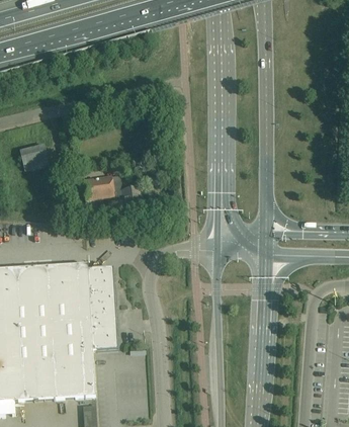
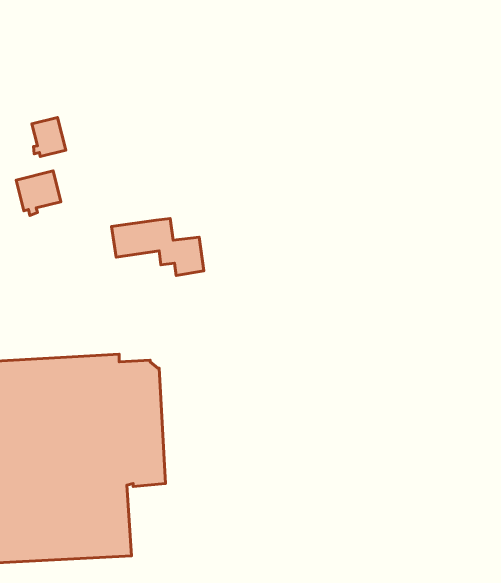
building: none -> [32,117,66,157]

